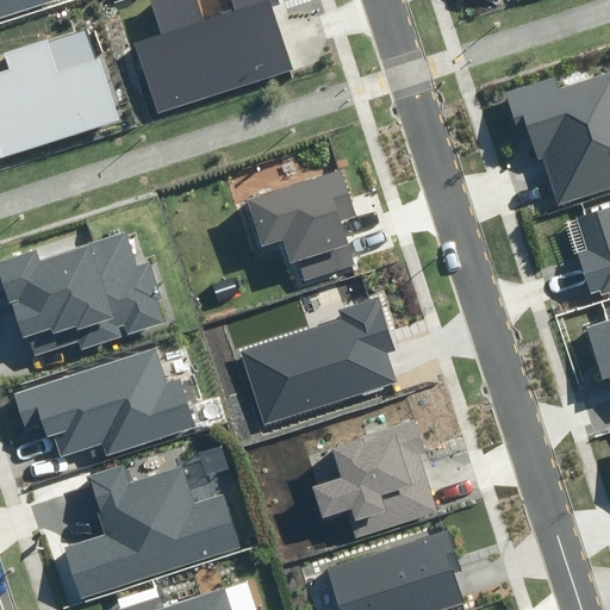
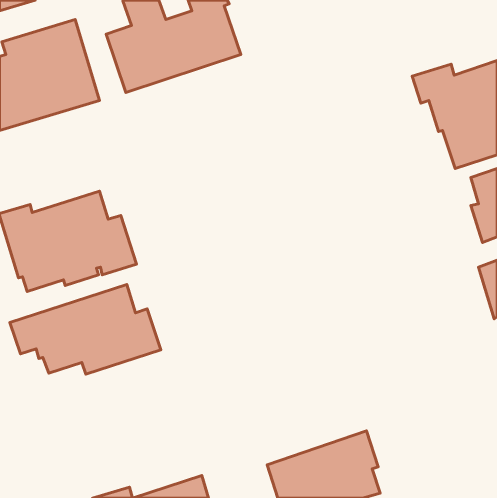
building: [244,168,355,282] -> none
building: [239,298,397,427] -> none
building: [310,421,436,540] -> none
building: [64,466,239,597] -> none

